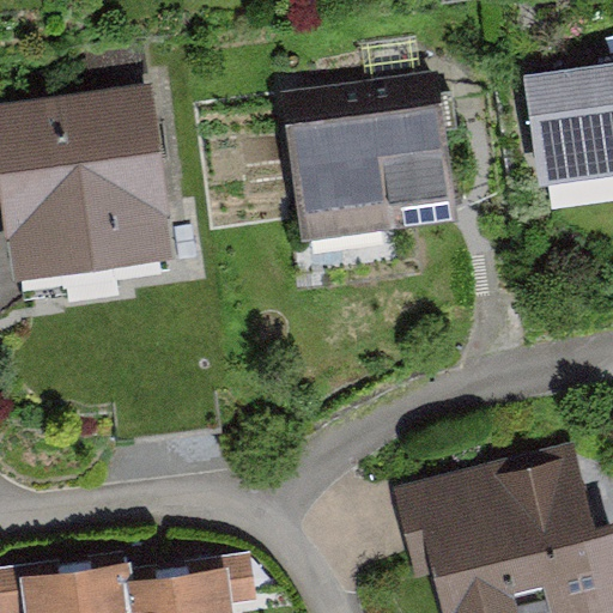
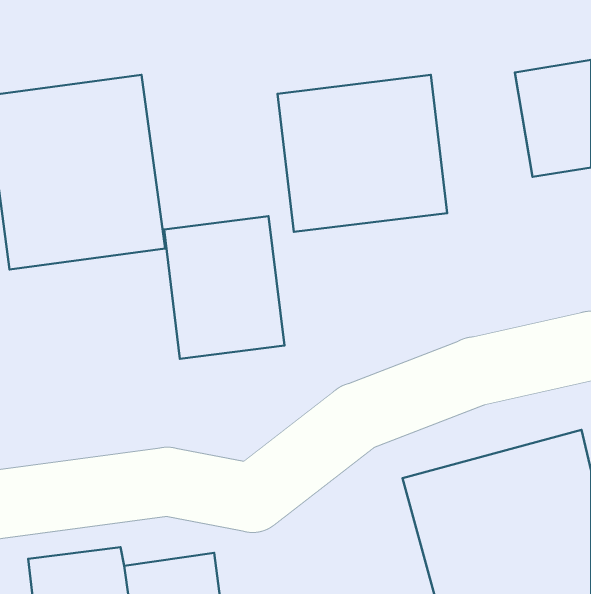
building: none -> [164,216,284,359]

